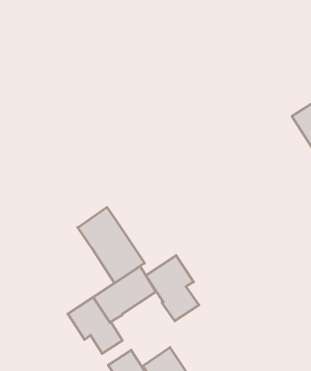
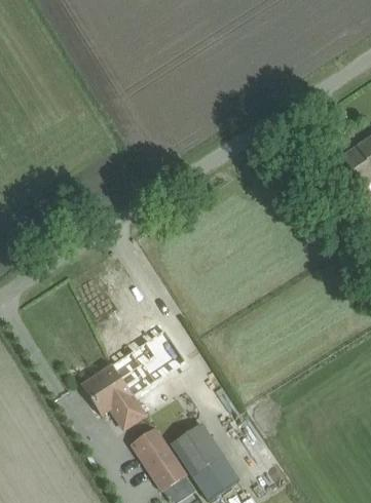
building: [78,207,145,283] -> none
building: [146,255,199,321] -> none

